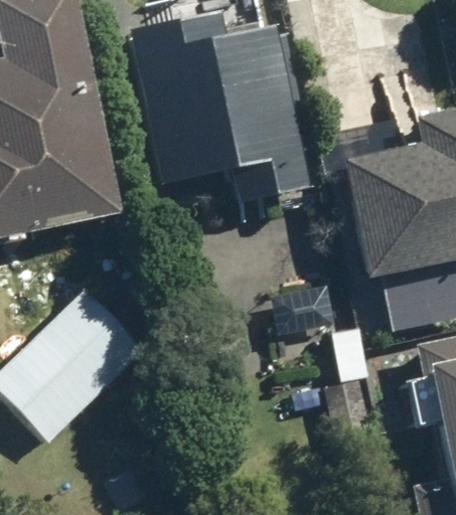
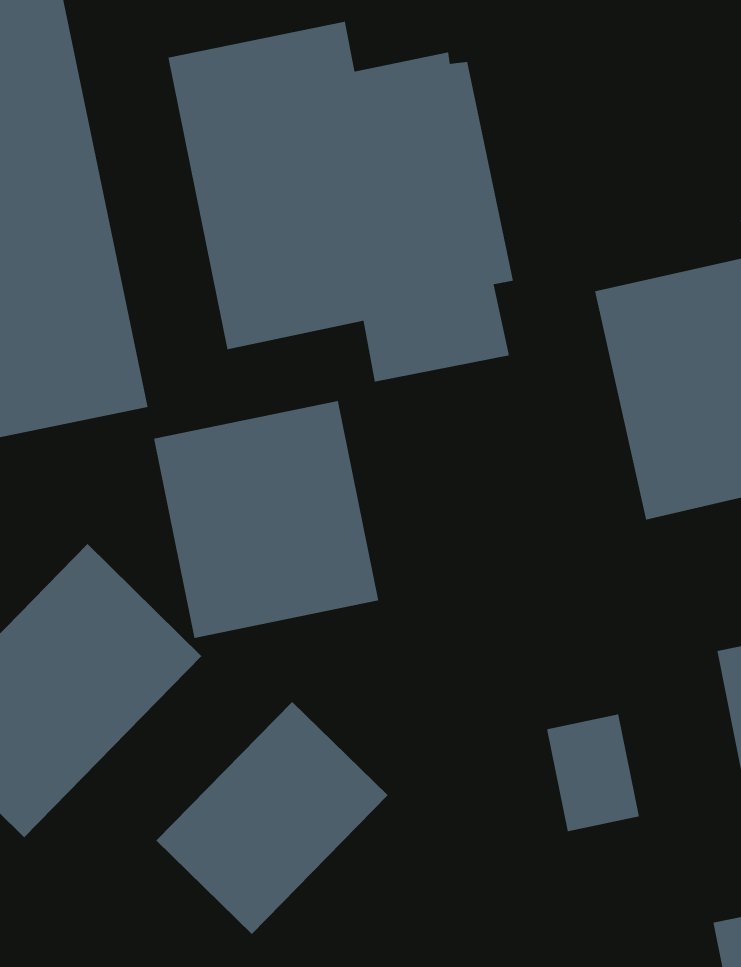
building: none -> [153,400,379,639]
building: none -> [155,701,388,935]

